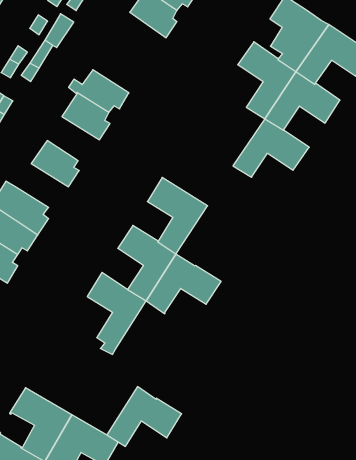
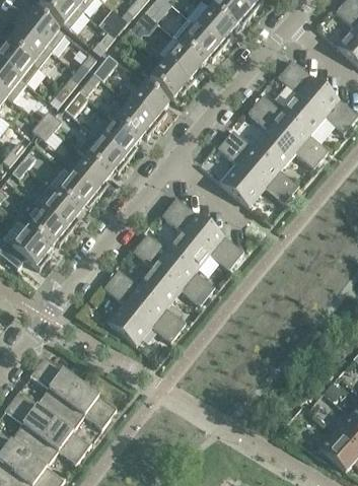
building: none -> [141,59,192,97]
building: none -> [129,83,168,125]
building: none -> [218,130,265,194]
building: none -> [76,131,128,176]
building: none -> [56,173,98,211]
building: none -> [180,224,243,272]
building: [107,387,182,446] -> [122,296,185,344]

